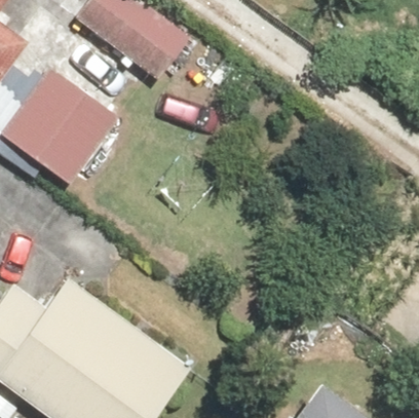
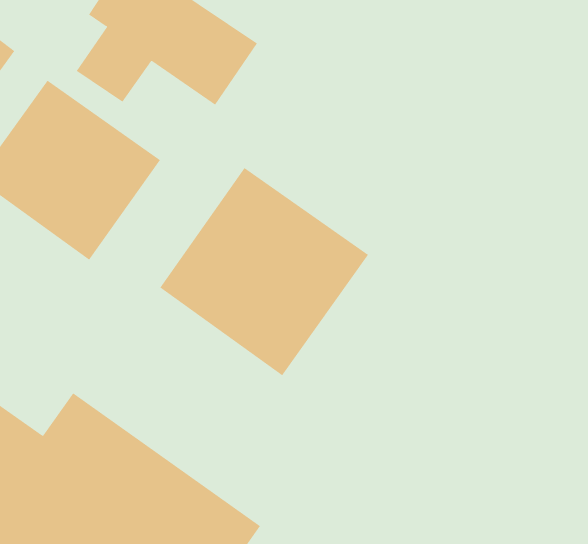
building: none -> [160,167,369,376]

